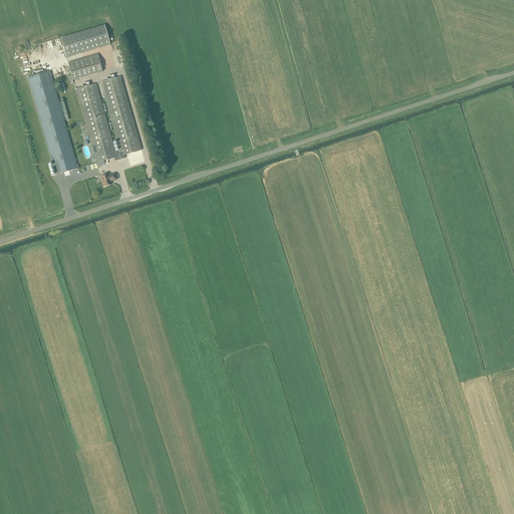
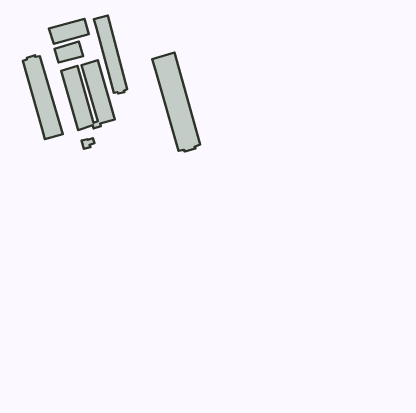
building: none -> [94,15,127,94]
building: none -> [152,52,200,151]

